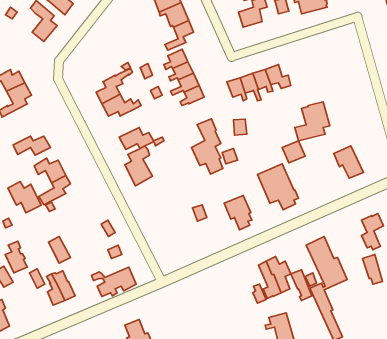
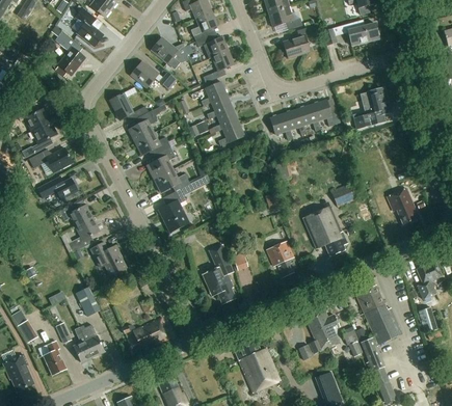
building: none -> [152,36,190,62]
building: none -> [131,63,176,91]
building: none -> [109,92,149,121]
building: [295,102,330,141] -> [352,86,391,129]
building: none -> [29,147,73,172]
building: none -> [147,147,176,179]
building: [191,119,223,174] -> [202,243,236,303]
building: [8,181,41,213] -> [90,241,127,275]
building: [5,241,27,273] -> [43,341,67,375]
building: none -> [234,340,281,391]

